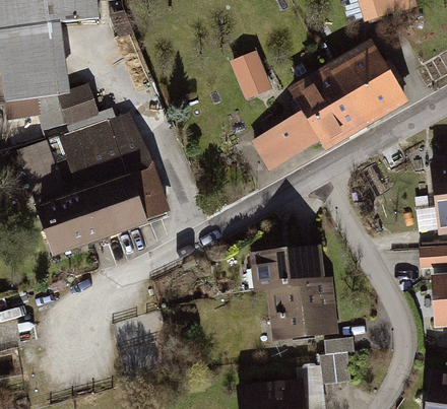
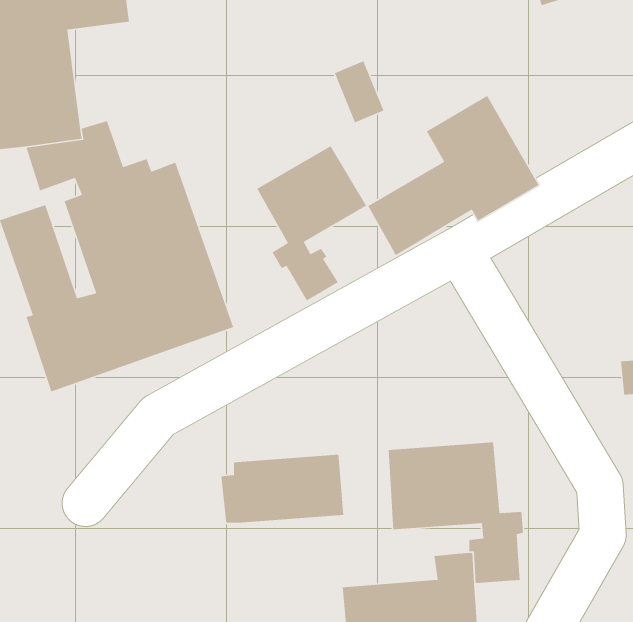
building: [331,44,406,126] -> none
building: none -> [256,145,367,302]
building: [256,251,335,295] -> [221,454,344,523]

